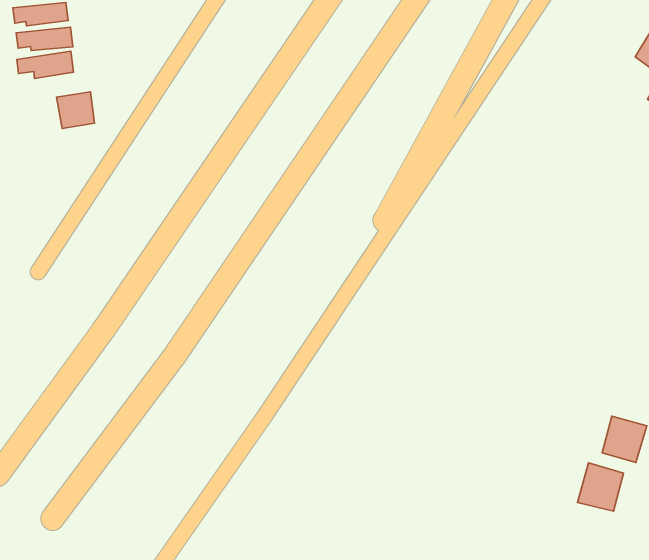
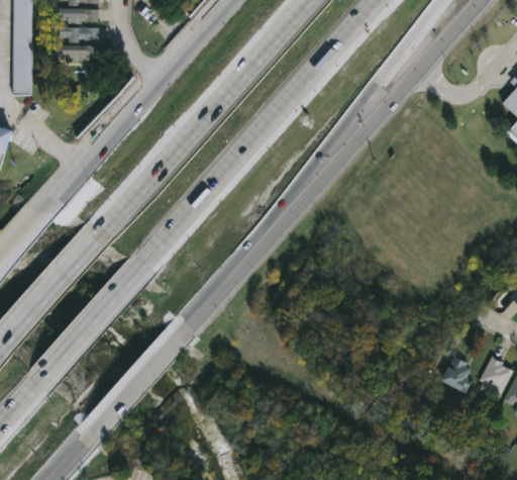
building: [57,92,95,129] -> none
building: [578,463,623,511] -> none

